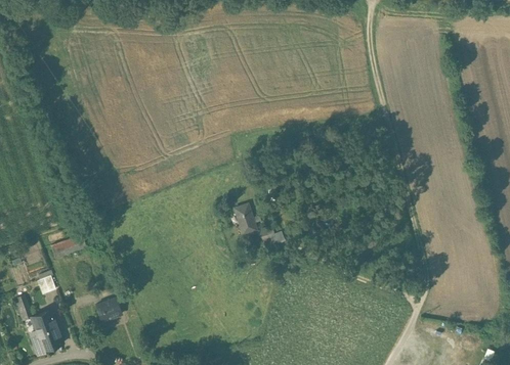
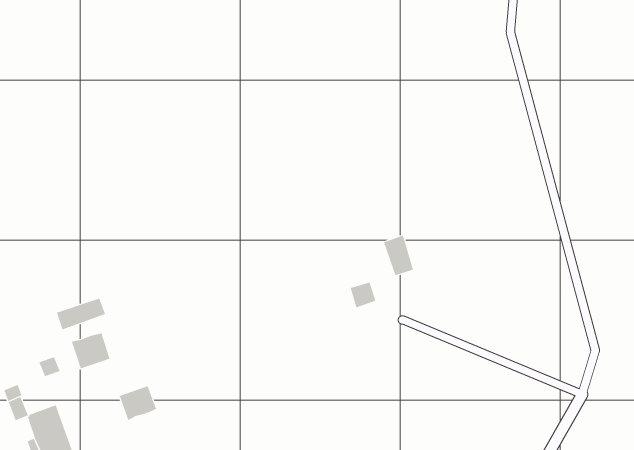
building: [235,206,256,234] -> [383,235,414,276]
building: none -> [71,332,110,369]

